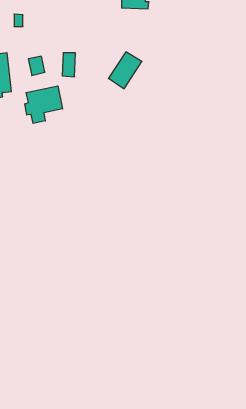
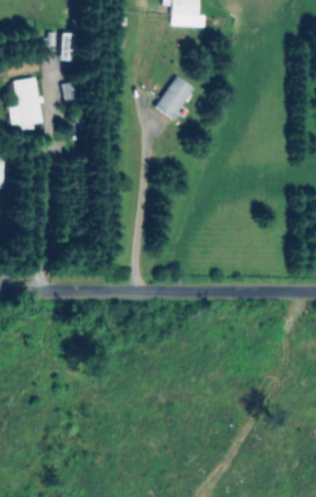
building: [62,53,75,77] -> [61,33,76,61]
building: [25,86,62,123] -> none

